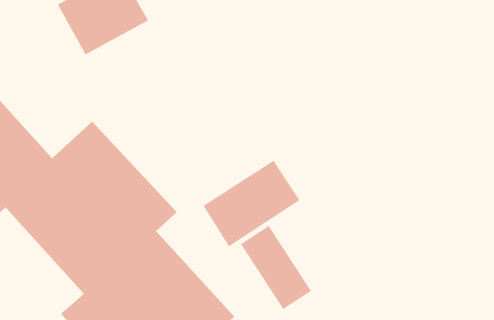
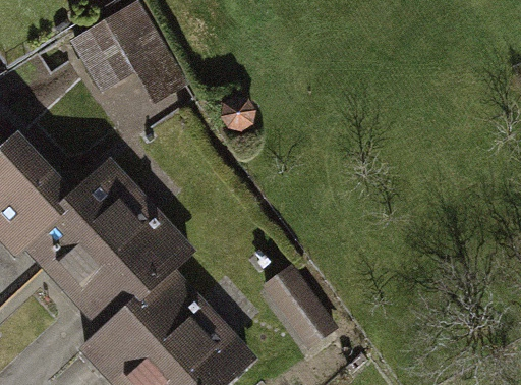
building: [203,160,300,247] -> none

